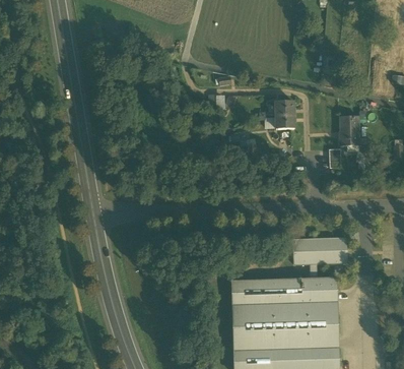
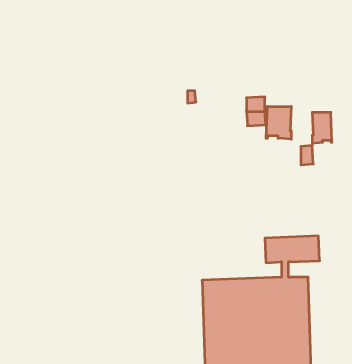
building: none -> [266,106,291,139]

